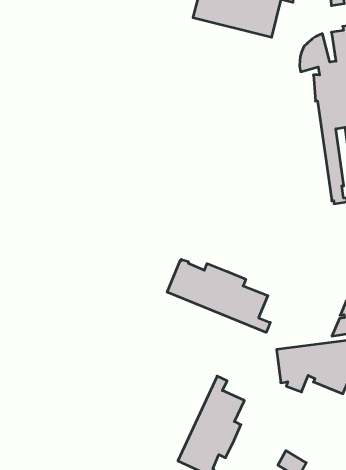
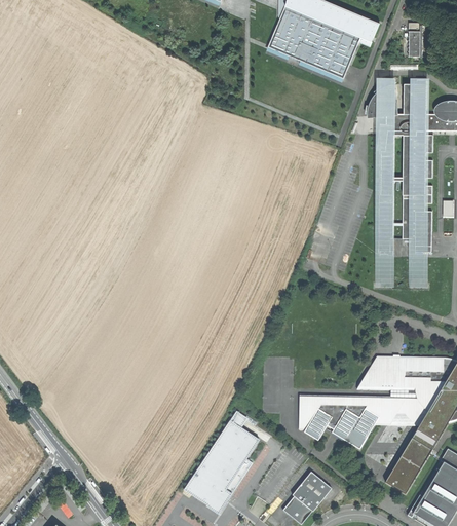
building: [167,259,270,332] -> none
building: none -> [293,472,332,512]

